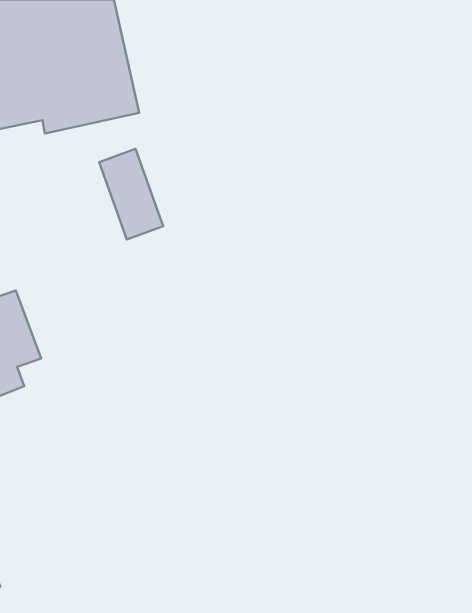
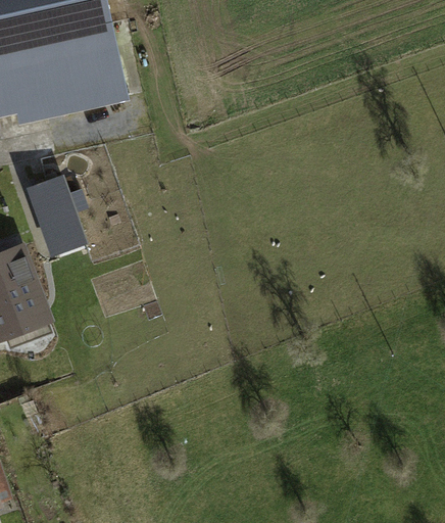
building: [99,149,163,239] -> [32,179,86,255]

